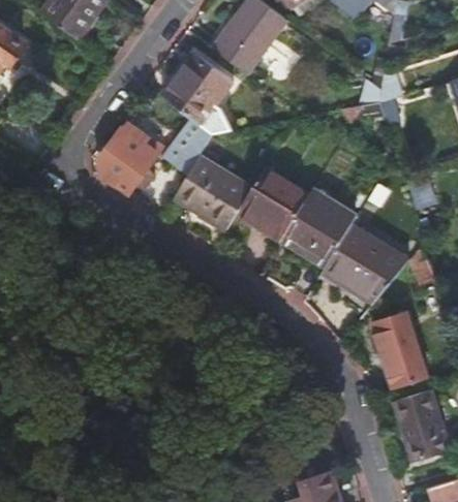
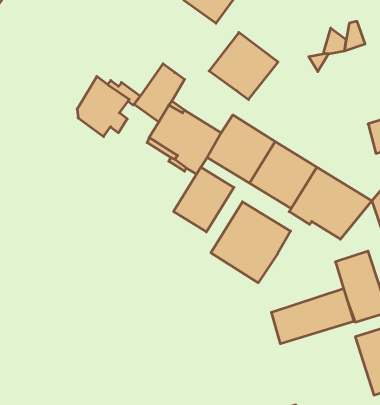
building: [162,54,235,124] -> [209,32,278,100]
building: none -> [174,167,234,232]
building: none -> [211,202,291,283]
building: none -> [271,289,354,344]

